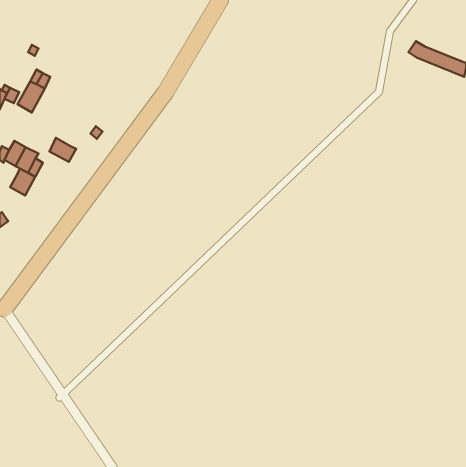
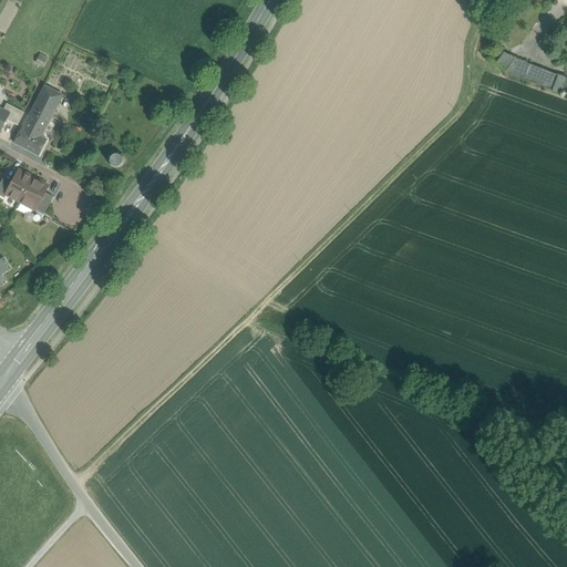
building: [50,138,76,162] -> [13,126,45,155]
building: [10,168,35,195] -> none

